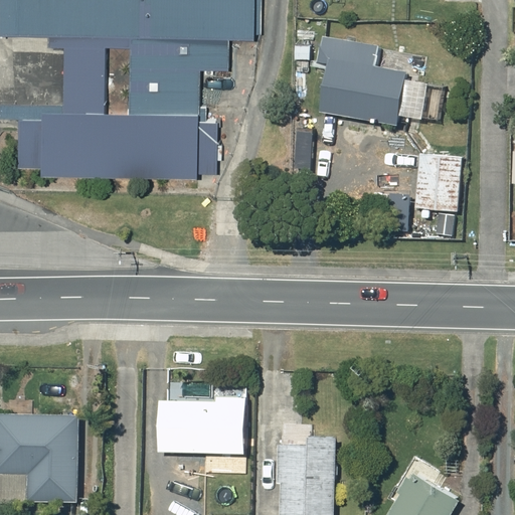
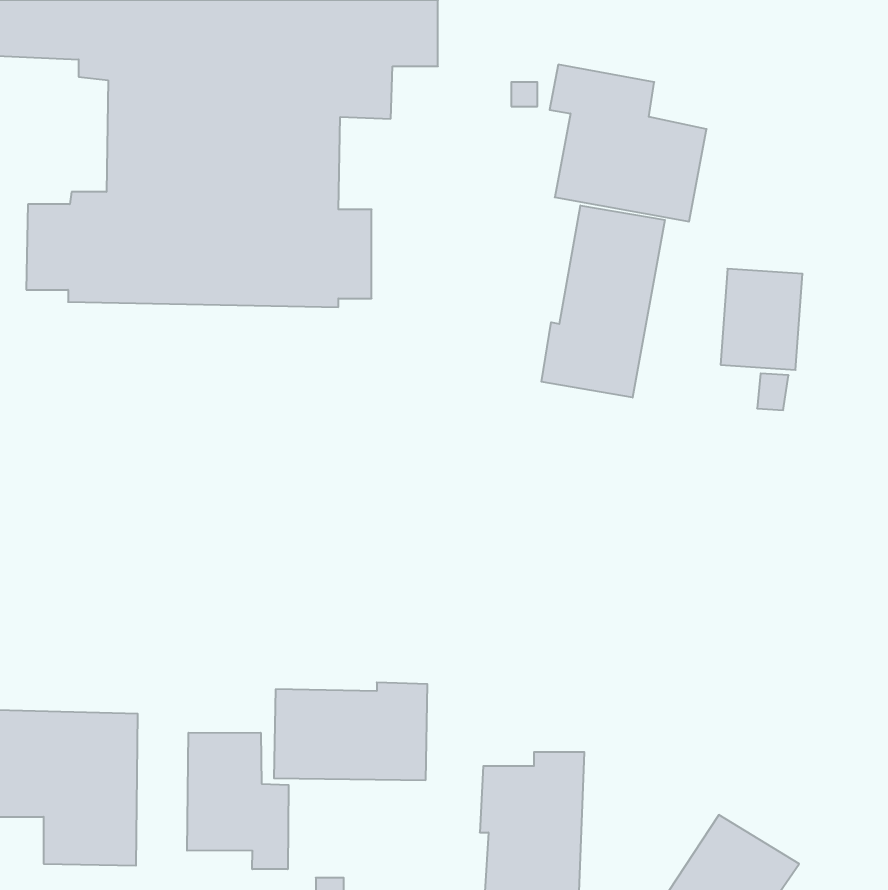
building: none -> [541,205,665,398]
building: none -> [187,733,289,869]

